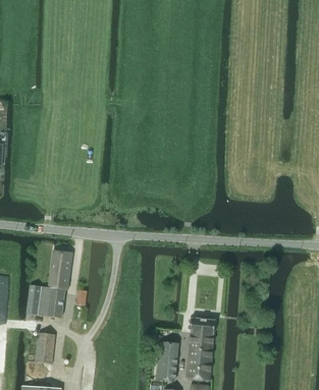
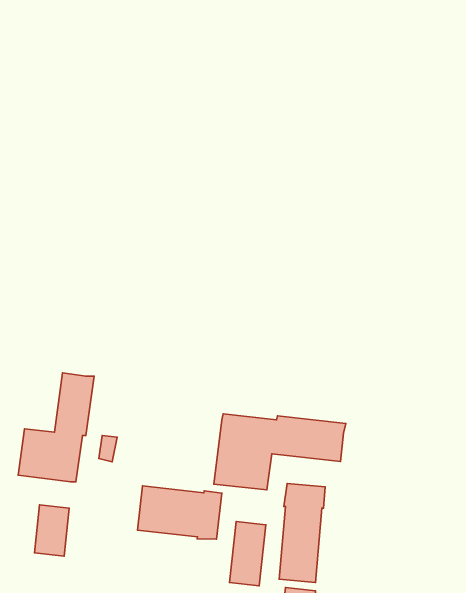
building: none -> [214,414,346,490]
building: none -> [138,486,222,539]

